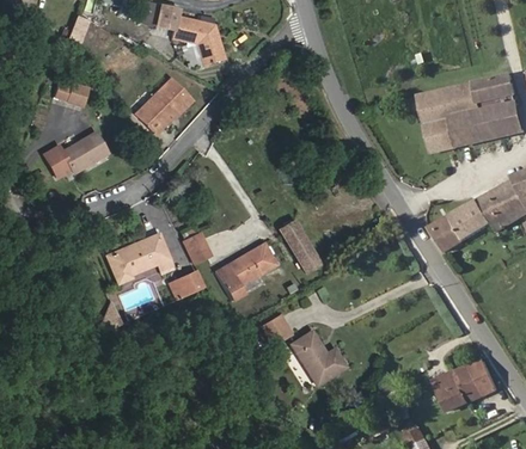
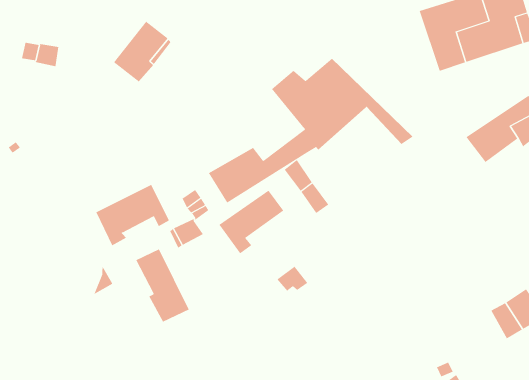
building: none -> [208,58,414,204]
building: [39,137,103,183] -> none
building: [427,214,464,251] -> none
building: none -> [136,249,189,322]
building: [293,330,348,382] -> none
building: [433,371,467,411] -> none

